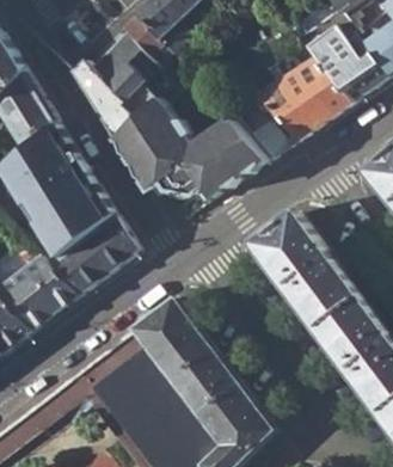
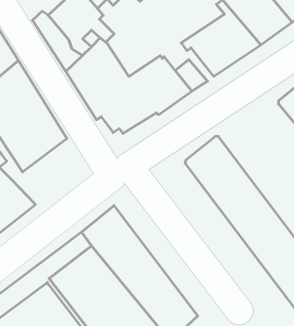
building: [47,216,136,296] -> none

